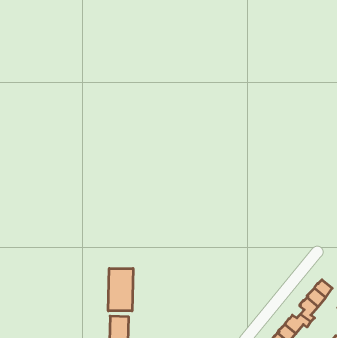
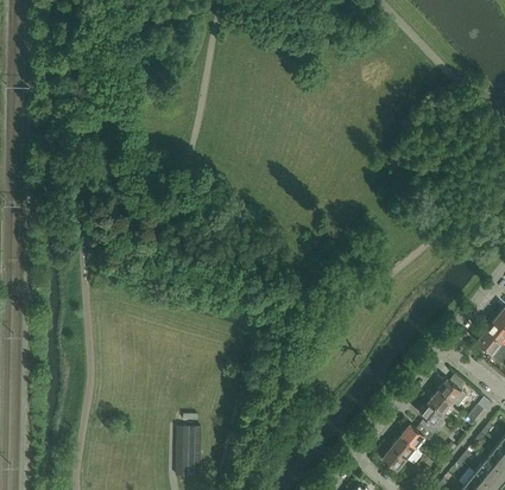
building: [108,268,133,311] -> none

